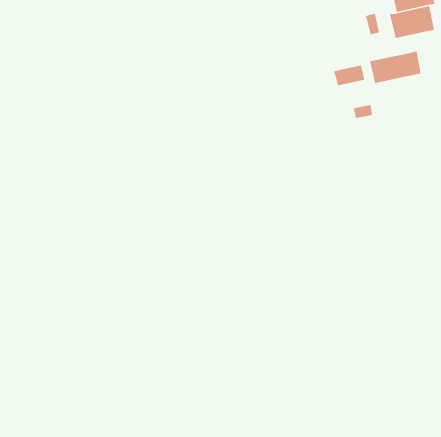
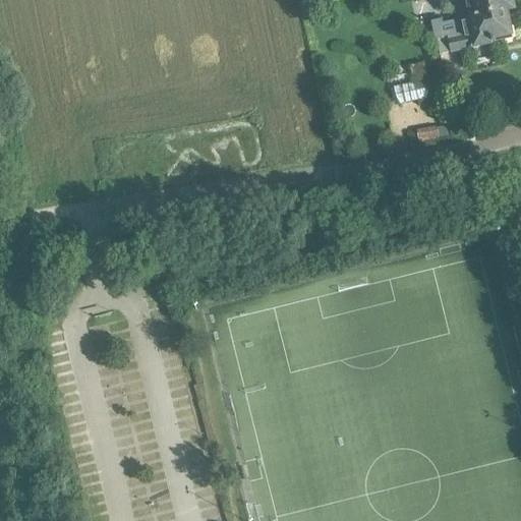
building: [369,50,421,84] -> none

